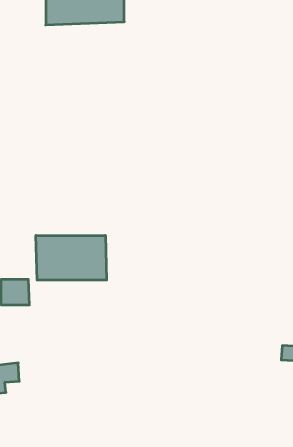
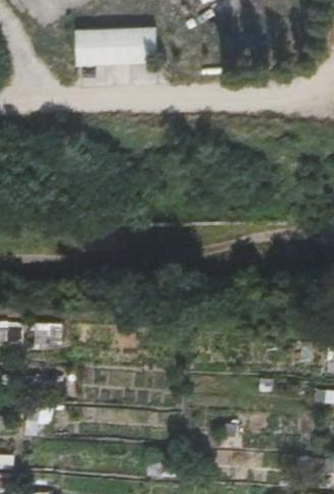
building: [36,235,107,280] -> none

